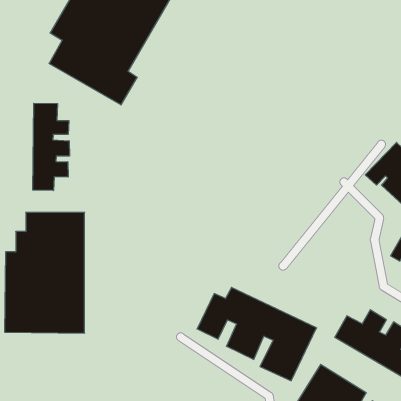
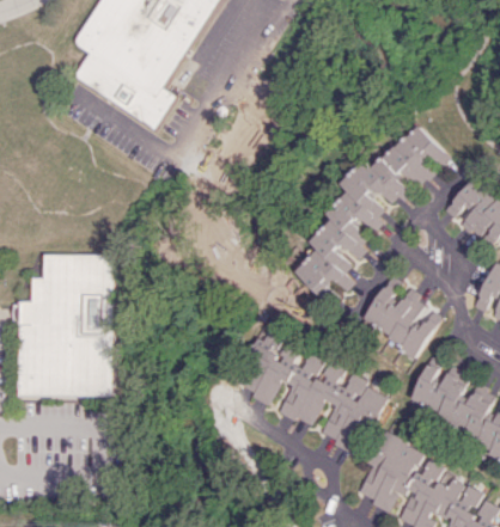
building: [33,103,69,191] -> none
building: none -> [286,134,453,298]
building: none -> [361,281,443,357]

